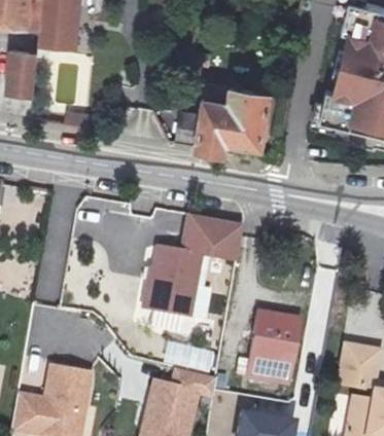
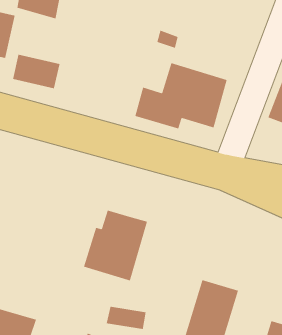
building: none -> [12,54,60,89]
building: [183,216,241,259] -> none

